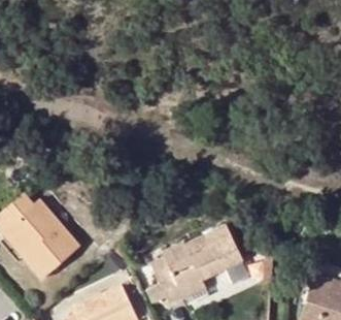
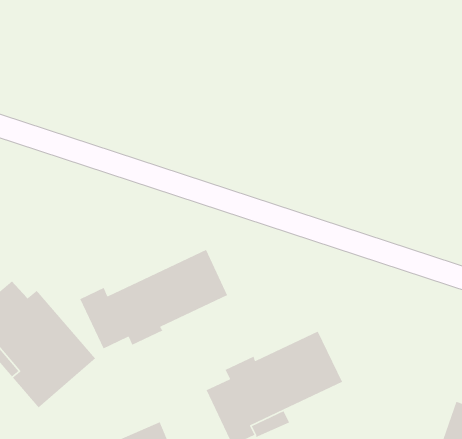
building: none -> [79,249,228,349]

